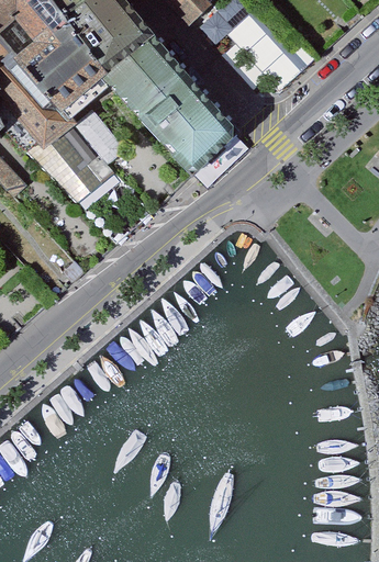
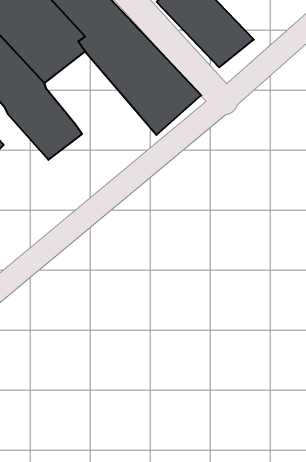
building: [73,111,123,162] -> none

